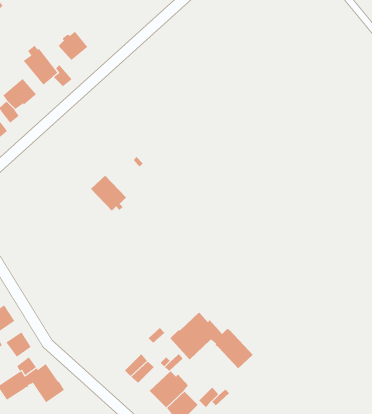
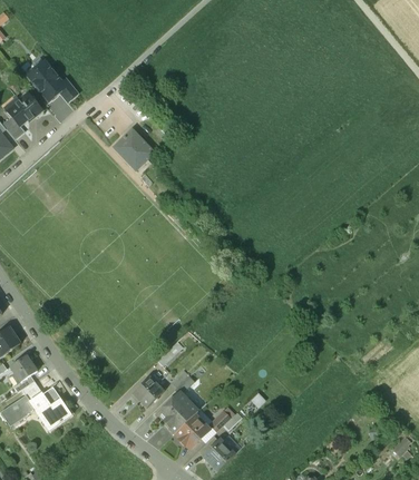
building: [58,31,88,61] -> none
building: [90,175,127,211] -> [115,127,153,165]
building: [170,311,254,369] -> none

